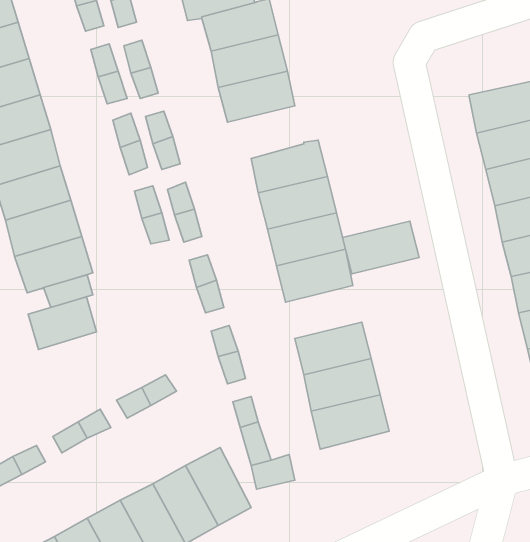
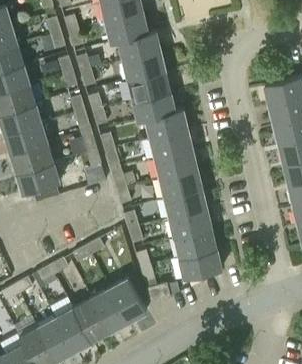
building: none -> [133,91,175,122]
building: [343,221,419,274] -> [165,190,207,219]
building: [28,297,97,349] -> none

